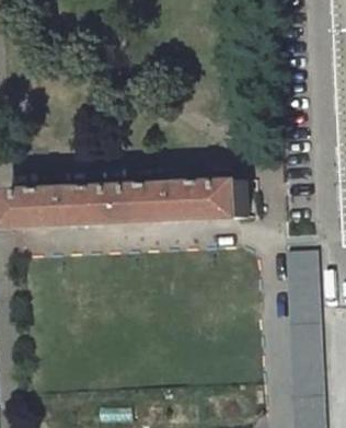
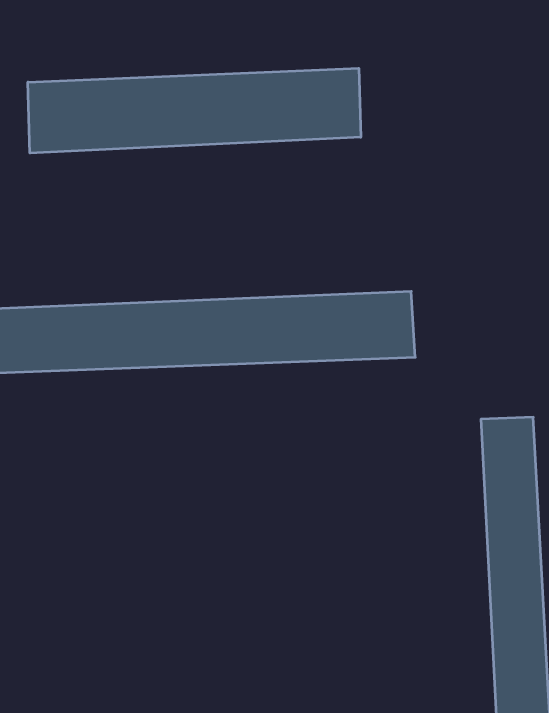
building: none -> [28,68,361,153]

